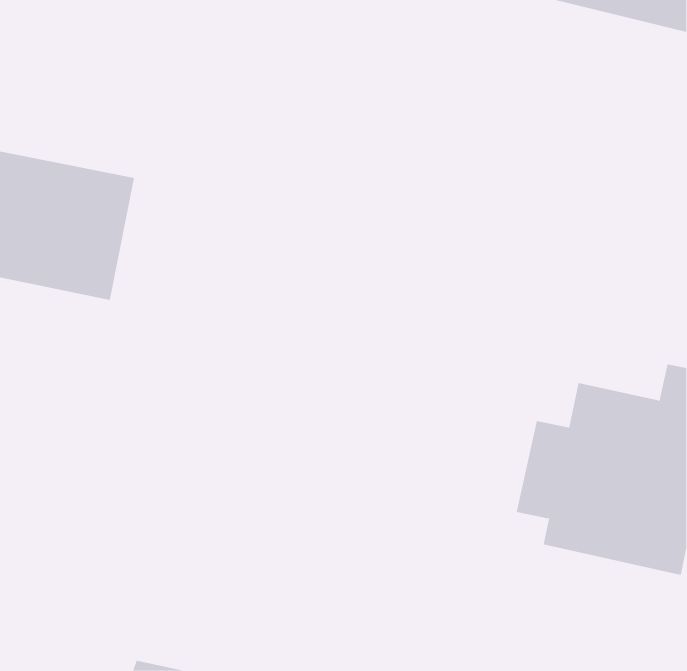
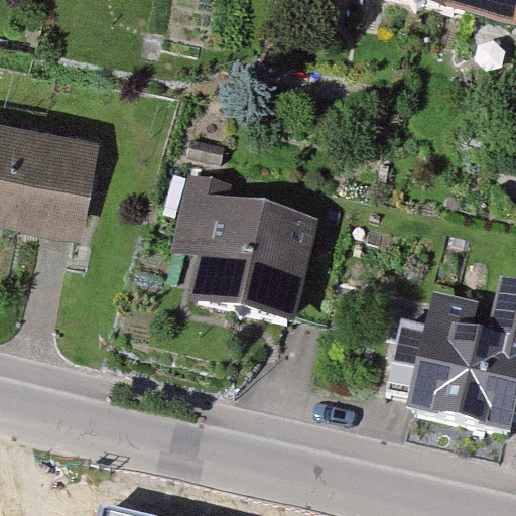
building: none -> [171,173,320,322]

